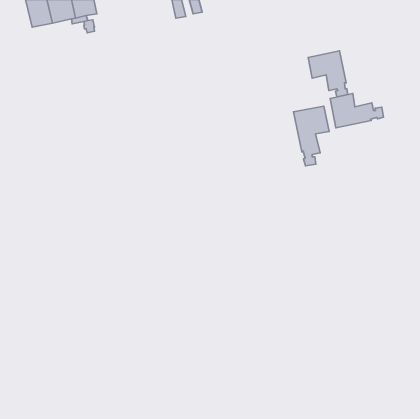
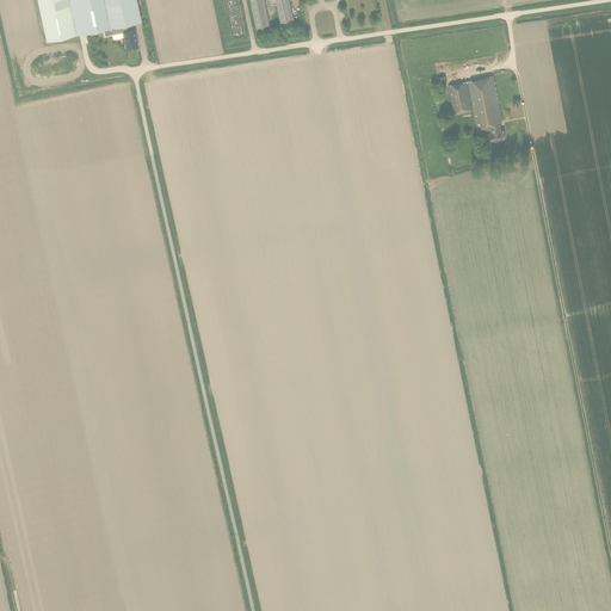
building: [330,94,384,128] -> none
building: [294,106,329,166] -> none

